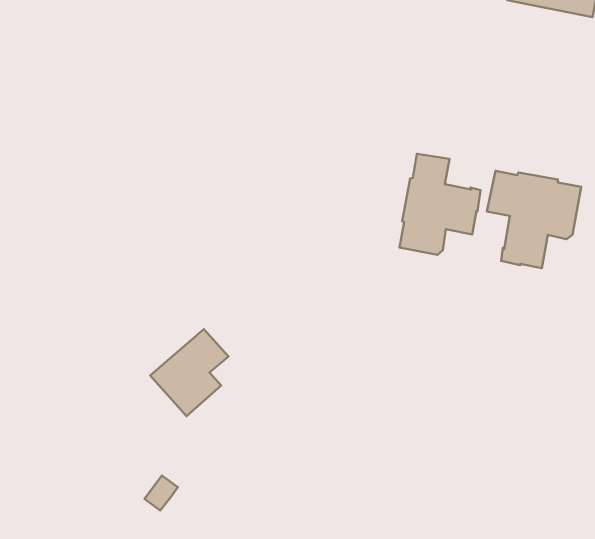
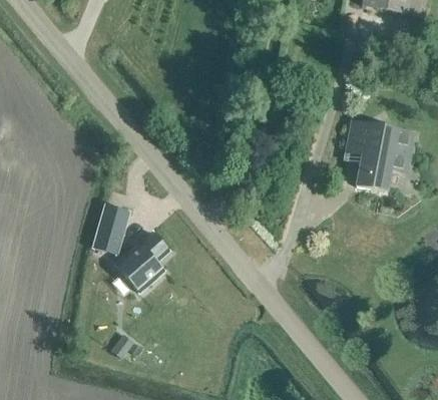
building: [400,154,481,255] -> none
building: none -> [93,199,128,247]

